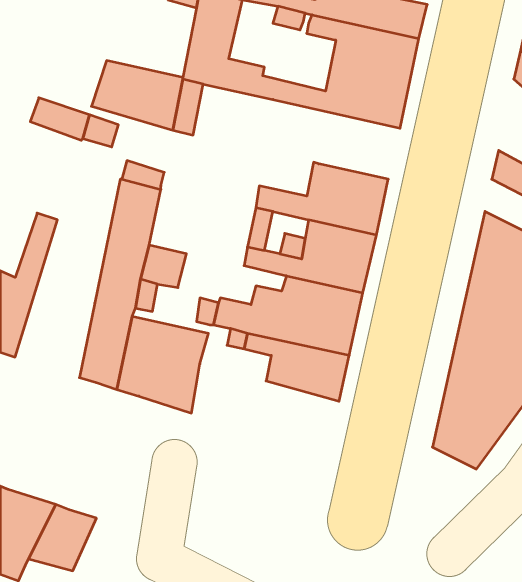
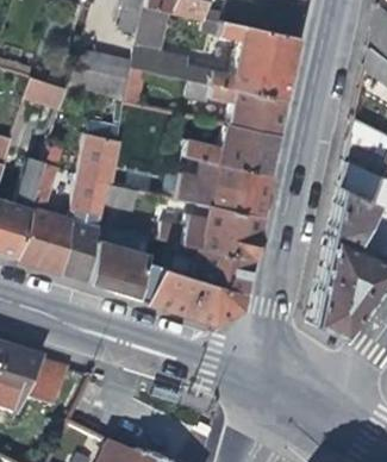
building: none -> [196,80,288,136]
building: none -> [18,164,74,275]
building: none -> [142,266,245,324]

